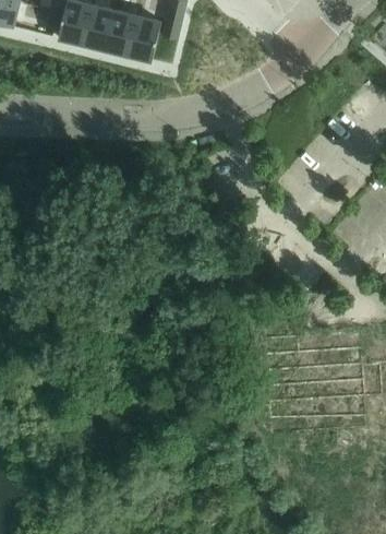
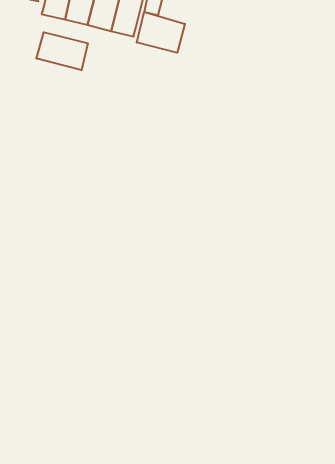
building: none -> [137,12,185,53]
building: none -> [36,32,88,70]

